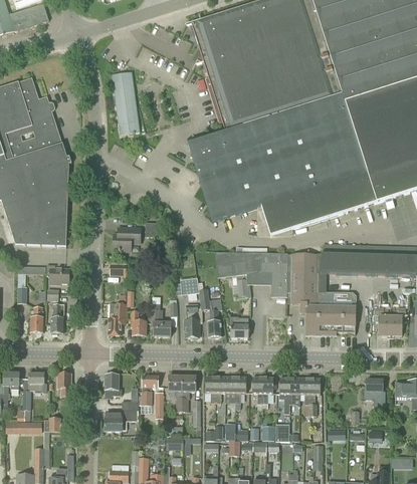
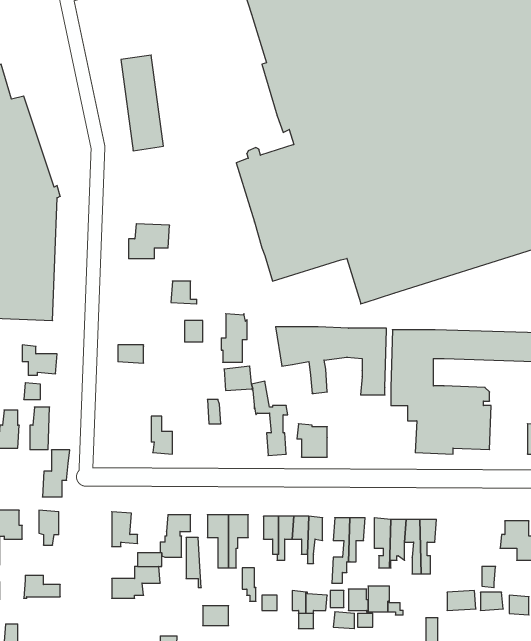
building: [114,227,141,250] -> [129,224,170,259]
building: [109,303,127,334] -> [42,450,70,497]
building: [152,304,171,336] -> none
building: [185,304,202,336] -> [221,314,247,362]

